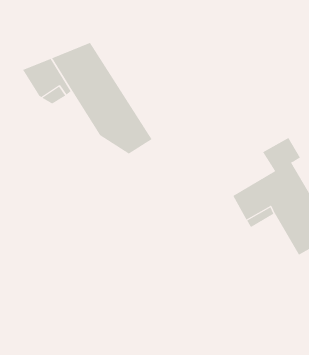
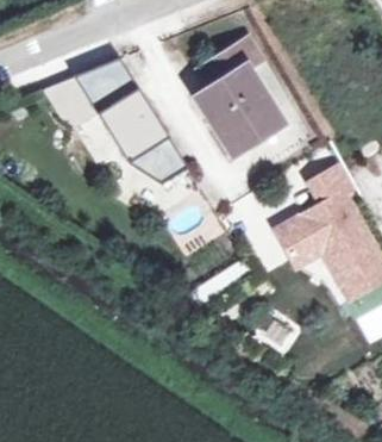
building: none -> [194,38,280,152]

